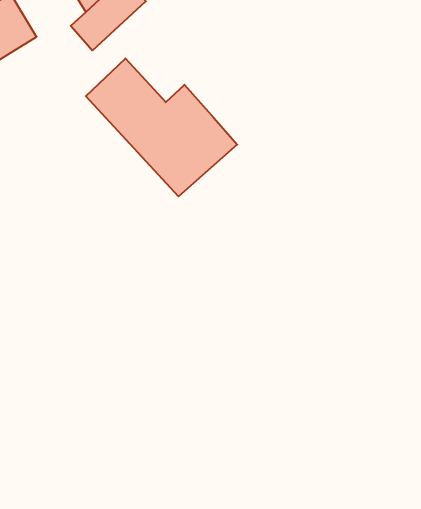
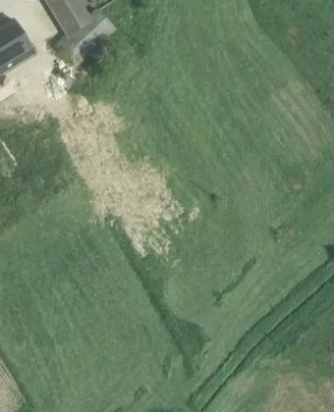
building: [86,58,237,196] -> none

